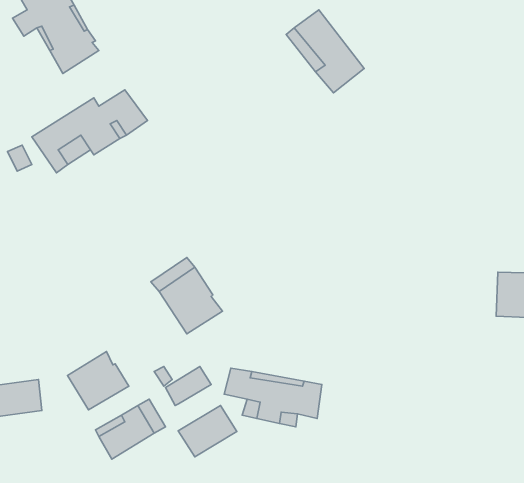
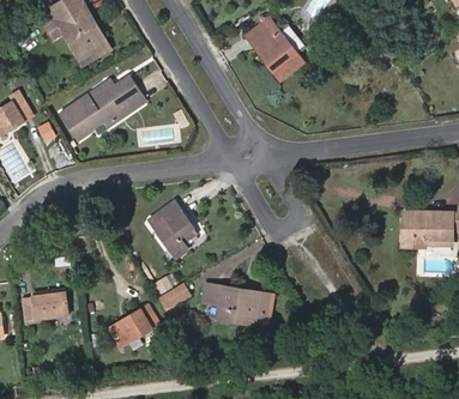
building: [68,351,129,410] -> none
building: [178,406,237,457] -> none

